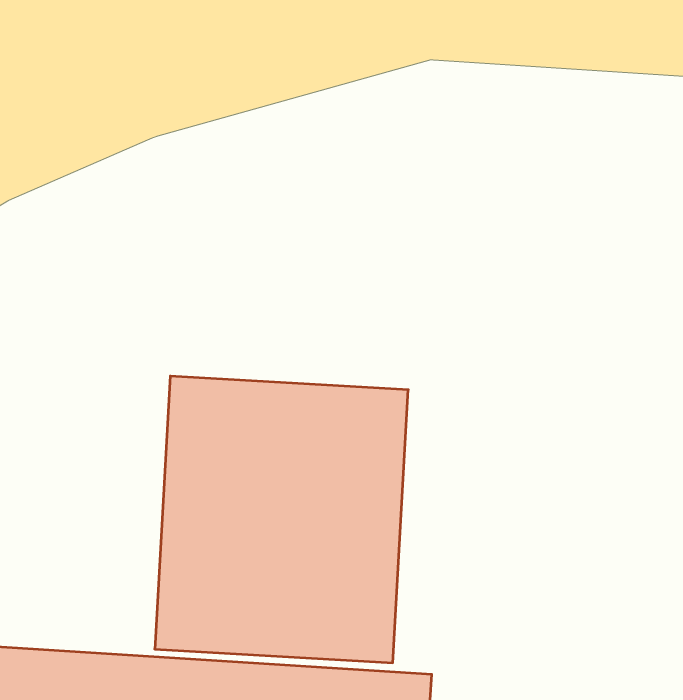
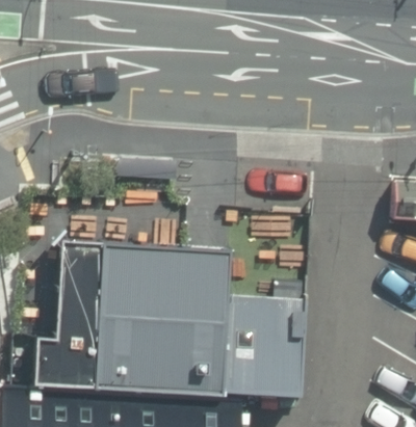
building: none -> [35,242,105,390]
building: none -> [229,297,303,396]

